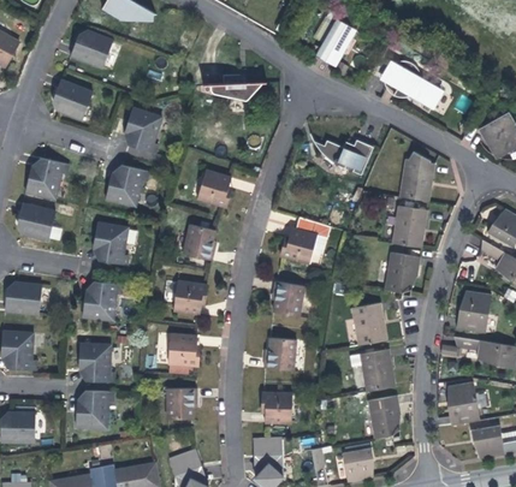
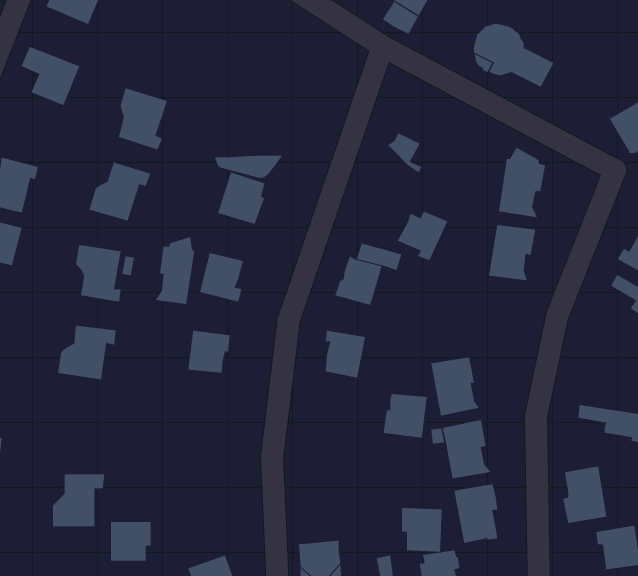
building: [210,82,261,99] -> [214,155,284,178]
building: [336,138,373,174] -> [397,211,448,261]
building: none -> [155,236,195,305]
building: [385,251,420,296] -> none
building: [456,290,491,332] -> none
building: [167,334,198,367] -> none
building: [77,337,113,375] -> none
building: [263,339,296,372] -> [383,393,427,438]
building: [166,390,196,418] -> [110,521,151,561]
building: [261,392,291,424] -> [401,507,443,552]

